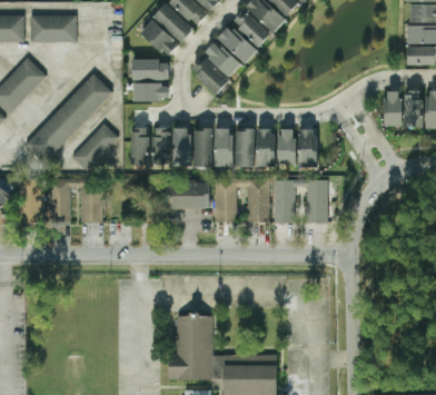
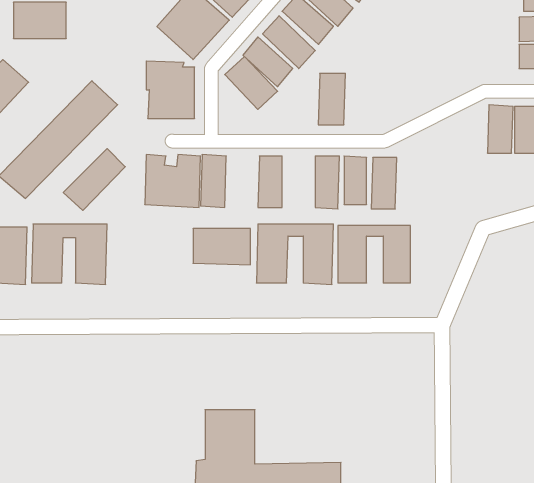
building: [194,128,212,167] -> none
building: [235,129,255,167] -> [318,73,345,125]

